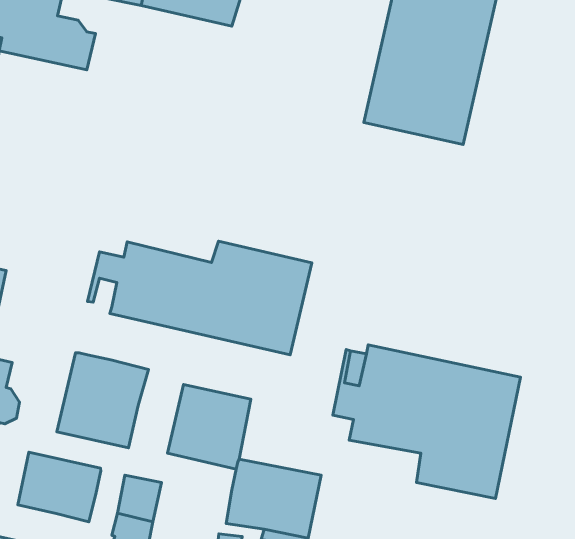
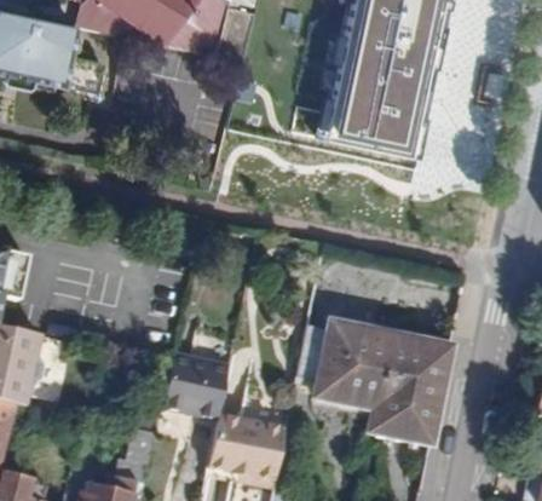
building: [88,241,312,355] -> none
building: [57,353,149,448] -> none
building: [18,452,101,522] -> none

